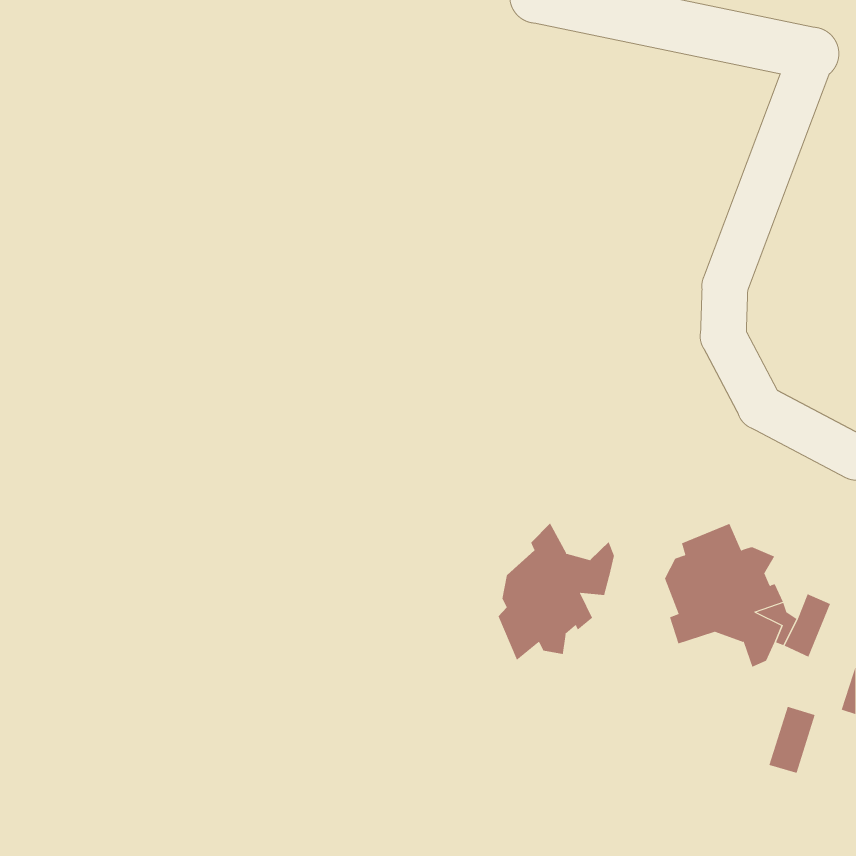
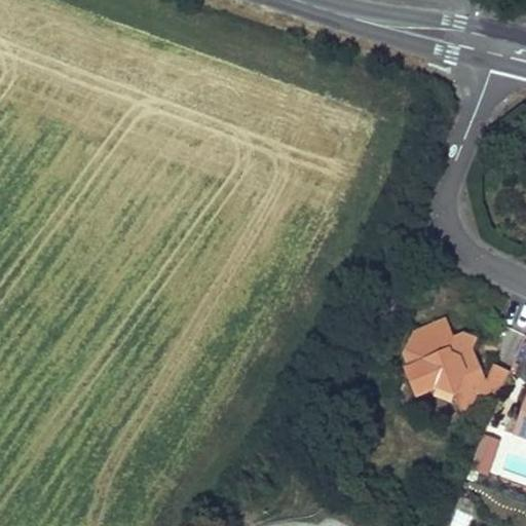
building: [498,523,614,661] -> none

